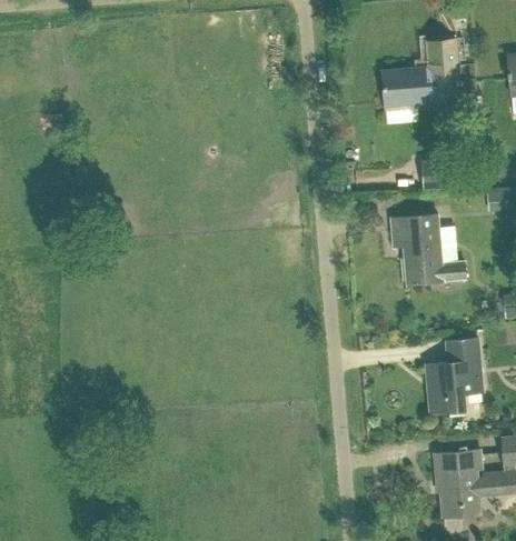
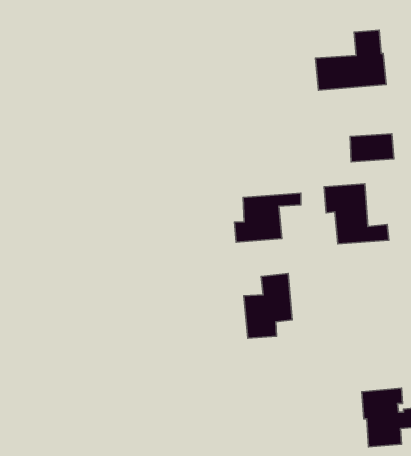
building: none -> [234,193,301,242]
building: [426,339,482,413] -> [244,273,292,338]

